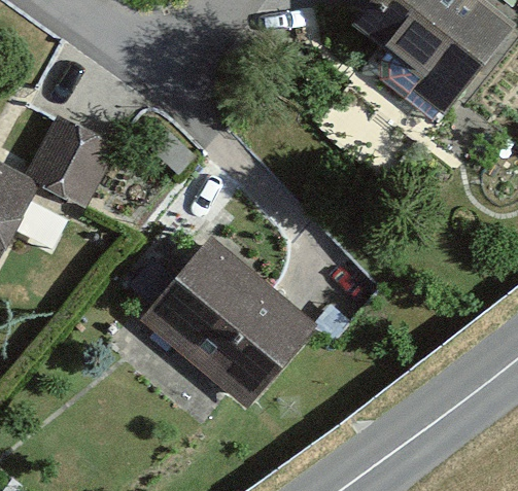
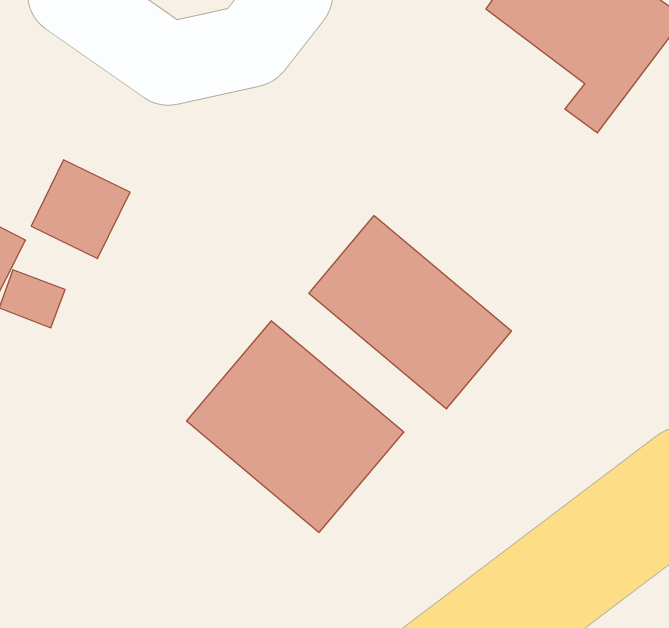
building: none -> [309,216,511,409]

